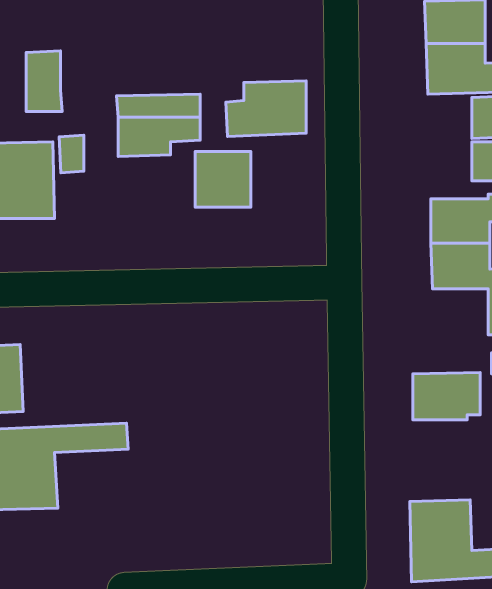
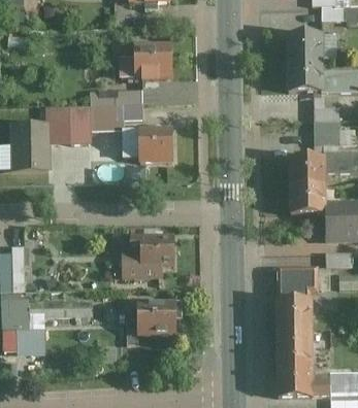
building: [26,51,62,111] -> [68,105,91,143]
building: [226,81,306,137] -> [119,42,169,77]
building: none -> [123,234,177,269]
building: none -> [272,298,312,347]
building: none -> [138,299,178,336]

